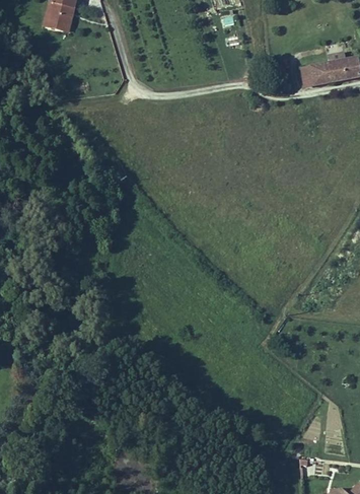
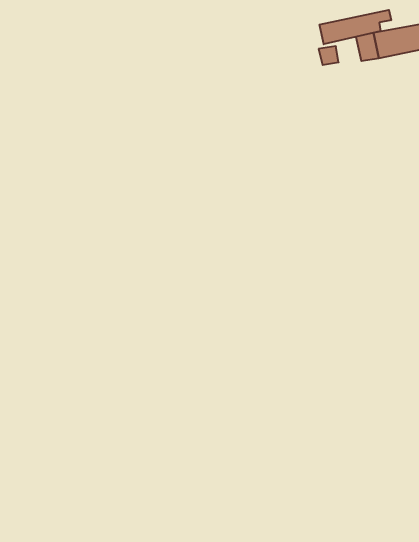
building: none -> [320,10,391,44]

